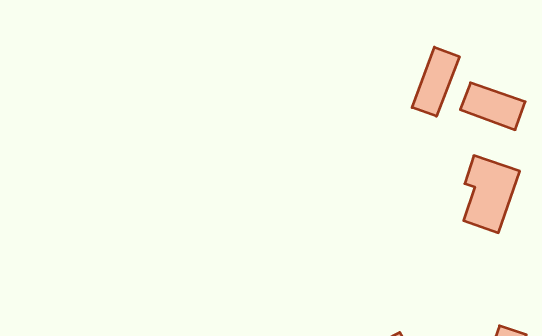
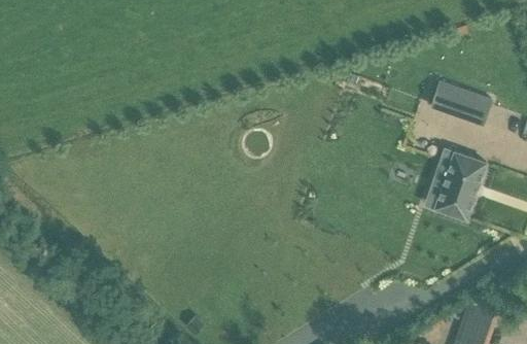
building: [412,47,459,116] -> none

